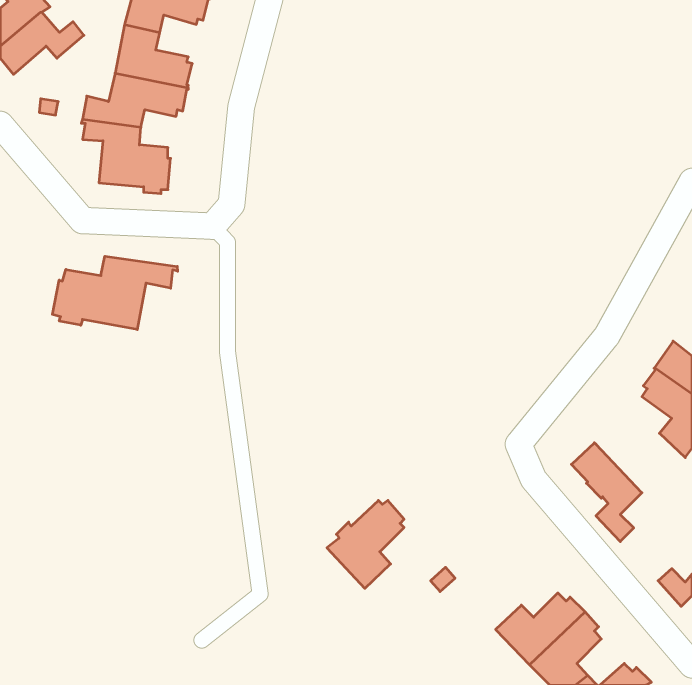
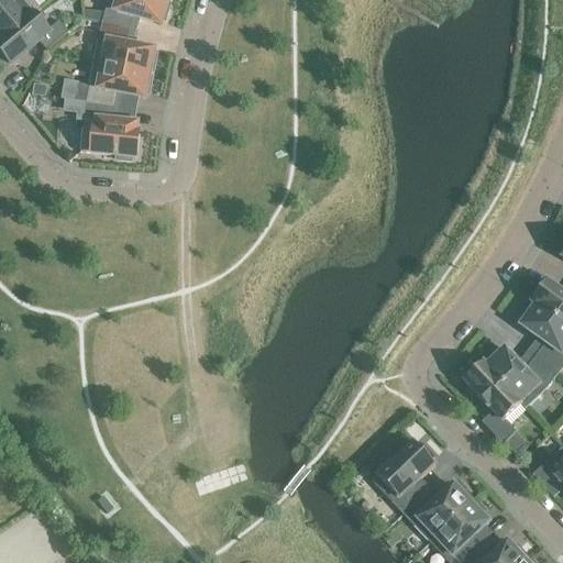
building: [52,256,178,330] -> none
building: none -> [484,346,556,406]
building: [327,500,404,588] -> [372,440,434,511]

